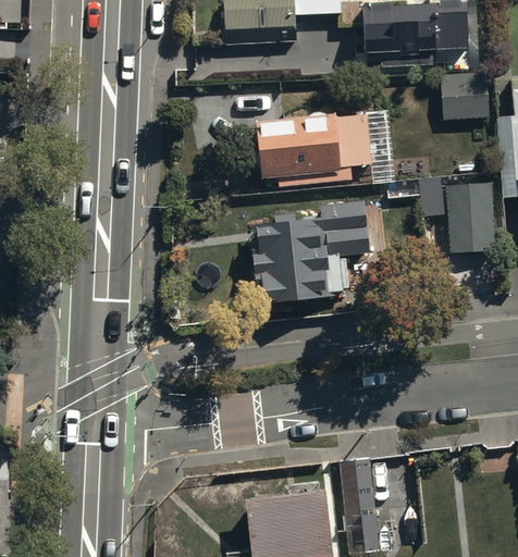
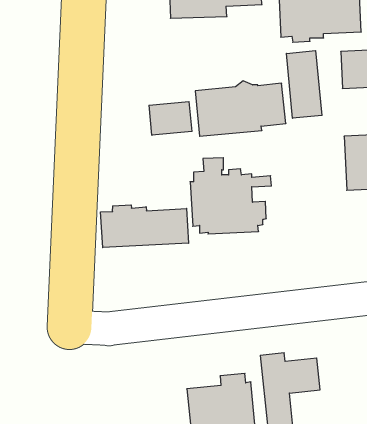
building: none -> [286,51,322,118]
building: none -> [149,102,192,135]
building: none -> [101,205,189,248]

